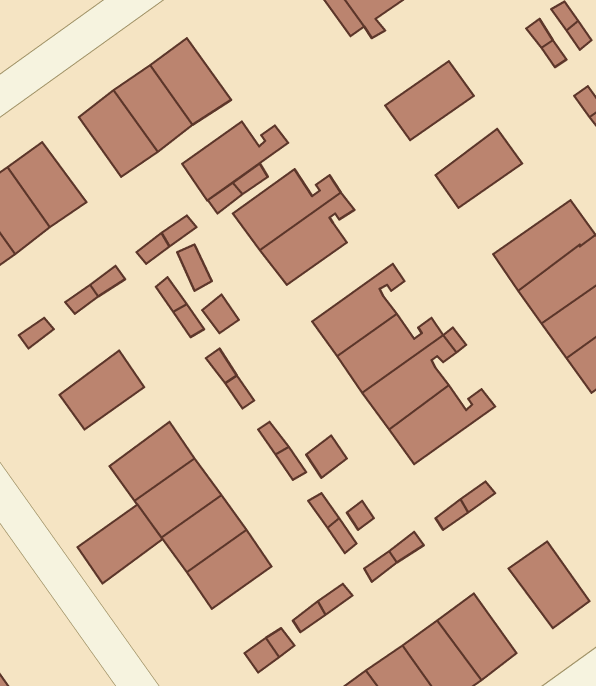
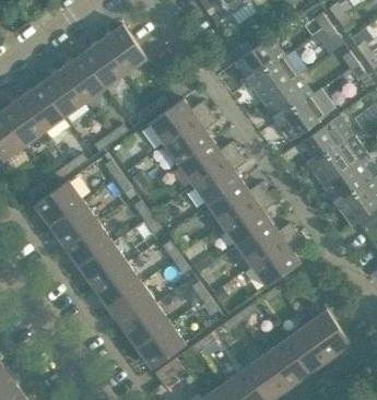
building: none -> [249,57,298,102]
building: none -> [40,69,85,117]
building: [182,122,288,201] -> [179,140,239,185]
building: none -> [276,89,335,140]
building: none -> [35,180,84,226]
building: none -> [251,233,304,286]
building: [78,505,162,584] -> [64,222,113,267]
building: none -> [137,323,186,368]
building: none -> [285,325,330,373]

